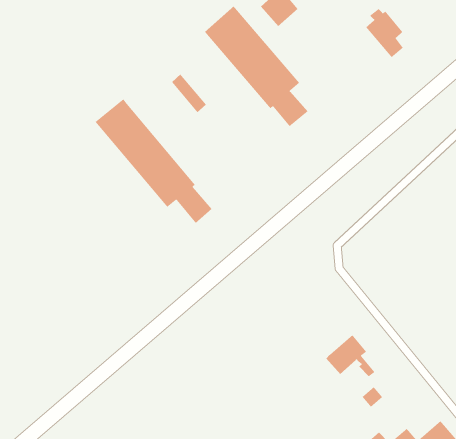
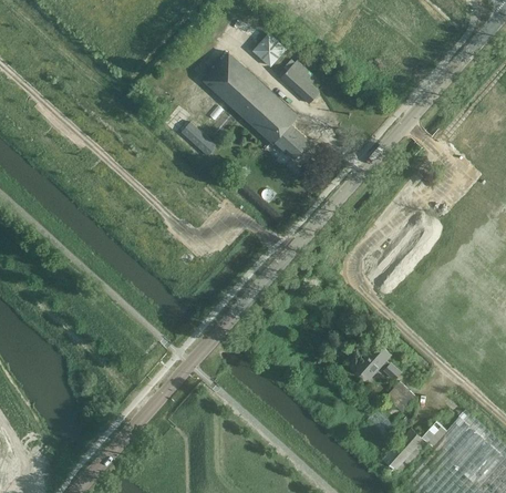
building: [365,8,404,58] -> [282,62,320,106]
building: [95,99,213,224] -> none

